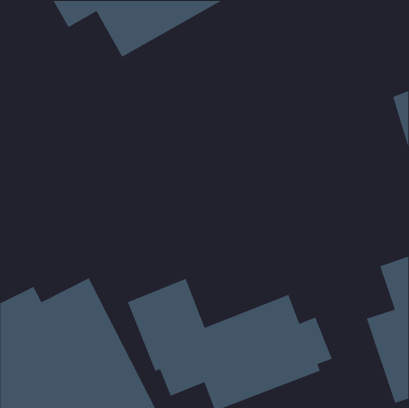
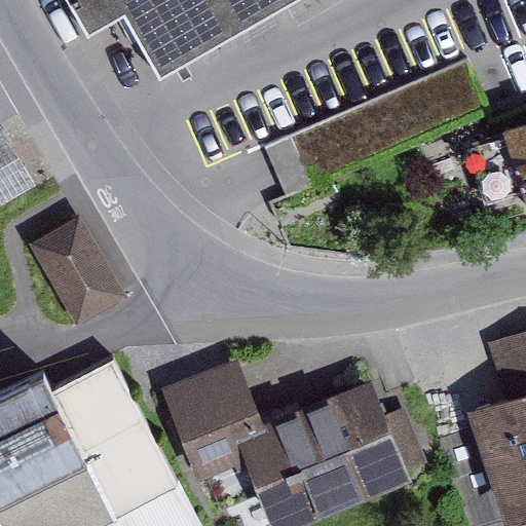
building: none -> [262,60,489,200]
building: none -> [28,215,126,326]

